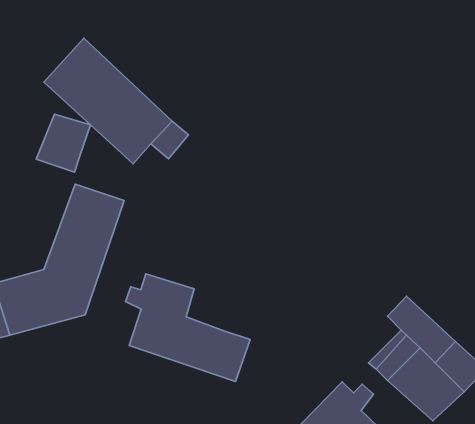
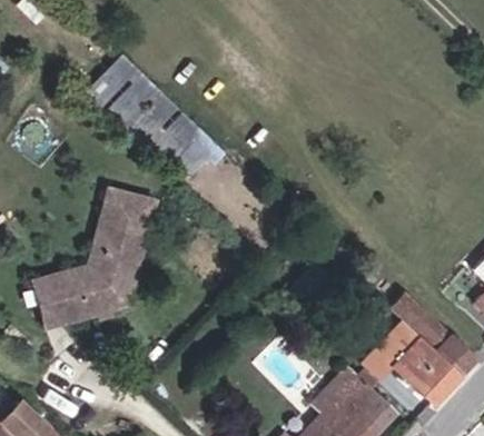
building: [36,114,91,172] -> none
building: [125,274,250,382] -> none

